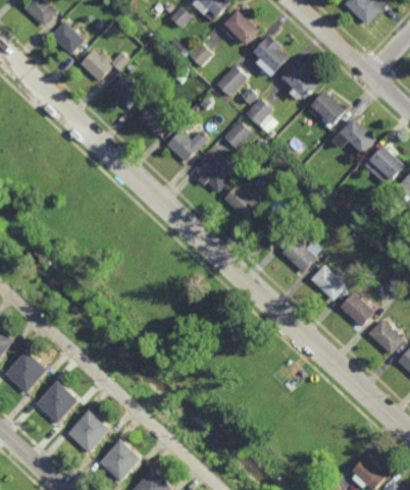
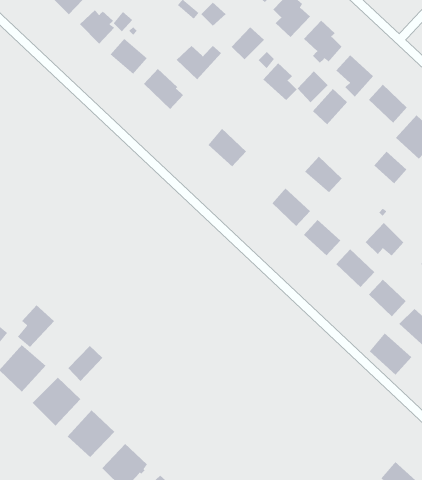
building: [222,119,251,149] -> [297,70,328,103]
building: none -> [312,88,348,125]
building: [165,129,207,161] -> [176,45,222,80]
building: none -> [374,151,407,184]
building: [223,183,258,217] -> [304,156,342,193]
building: none -> [365,222,404,257]
building: none -> [17,304,55,348]
building: none -> [369,333,412,376]
building: none -> [67,345,103,382]

